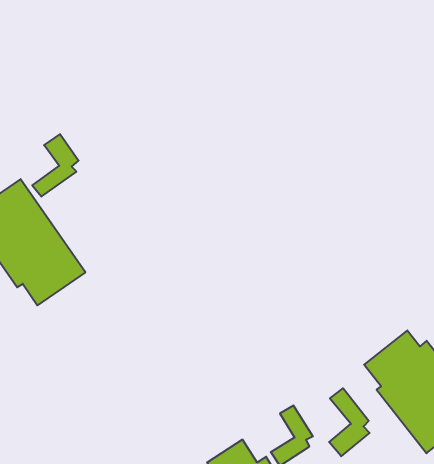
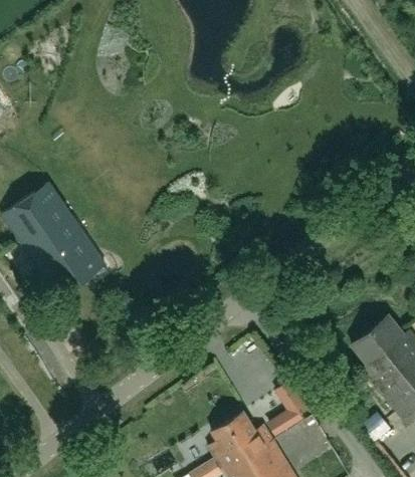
building: [32,134,79,197] -> none
building: [329,388,370,456] -> none

